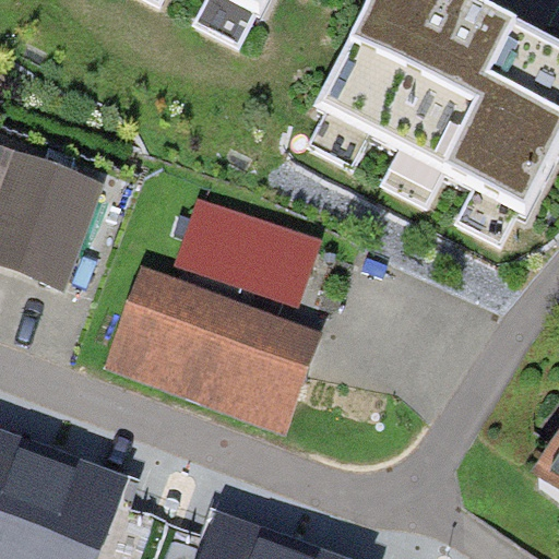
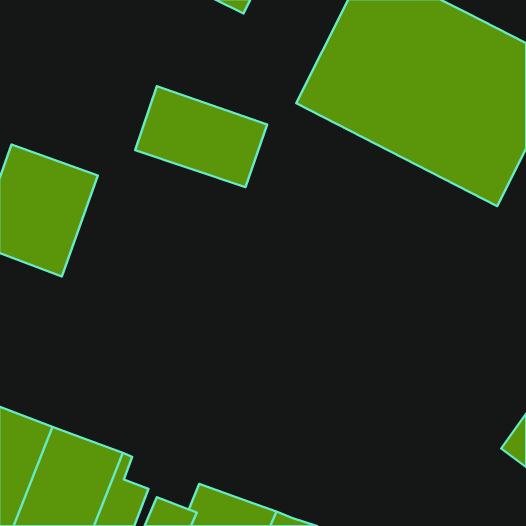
building: [177,200,317,307] -> [135,86,267,187]
building: [104,267,322,435] -> none

